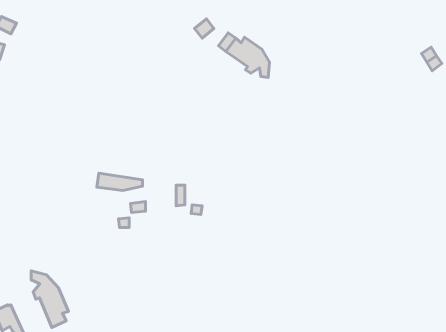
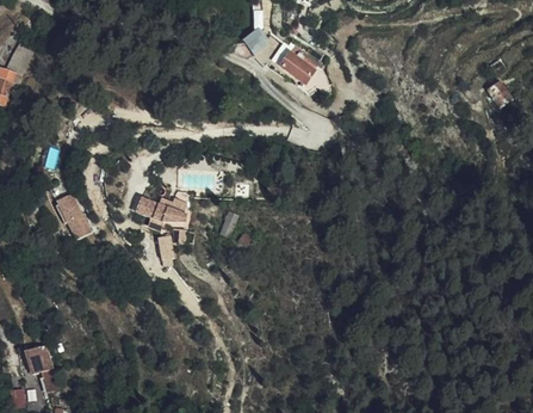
building: none -> [55,192,92,239]
building: [31,271,68,327] -> none

